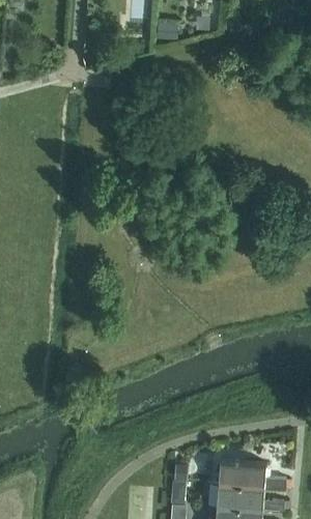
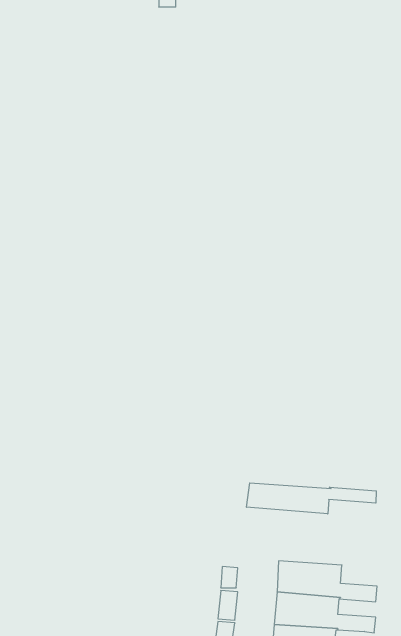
building: none -> [247,483,376,514]

